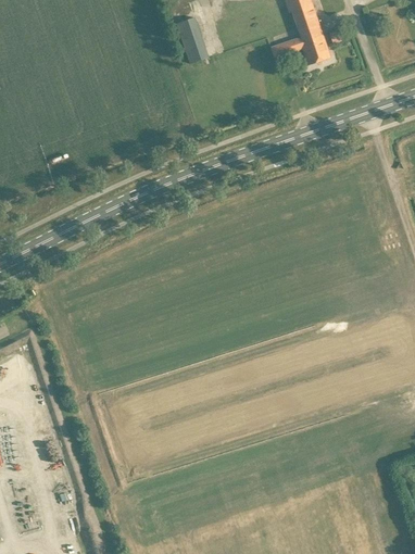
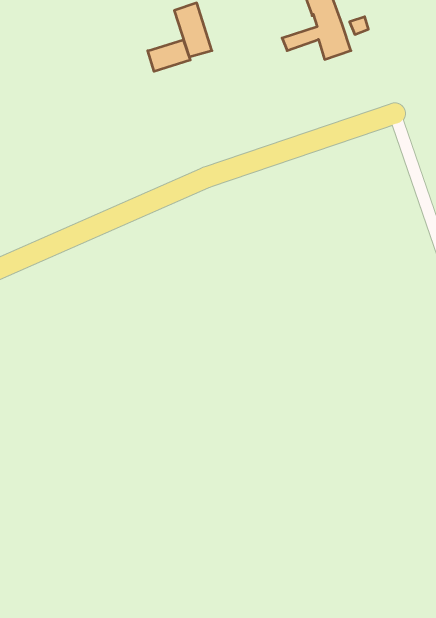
building: none -> [148,40,190,71]

